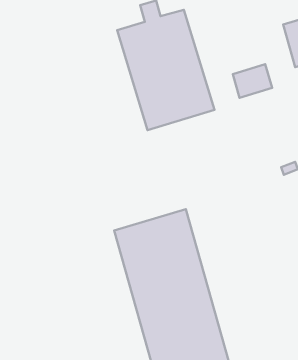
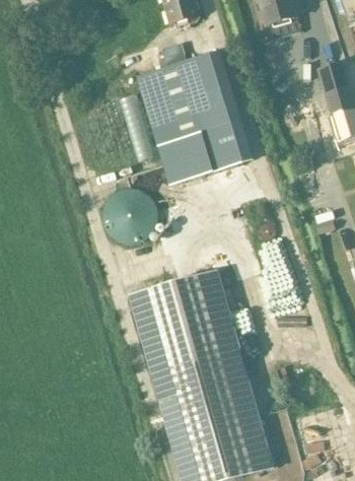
building: [233,64,272,98] -> none
building: none -> [97,182,159,244]

